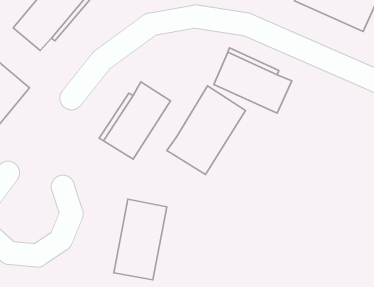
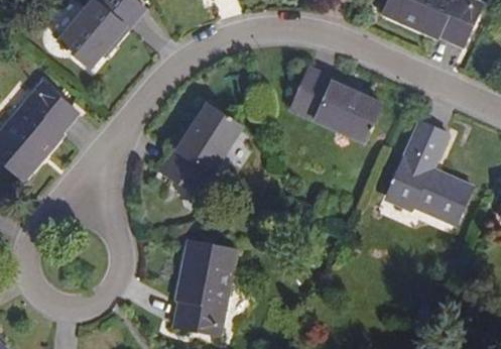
building: [167,86,245,175] -> none
building: none -> [386,121,472,225]

